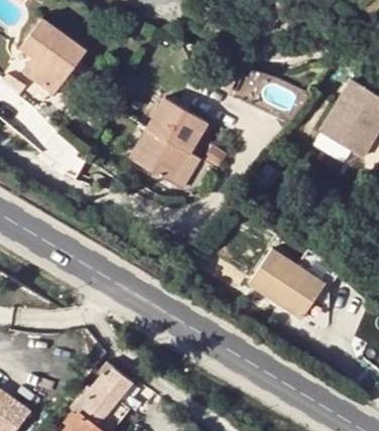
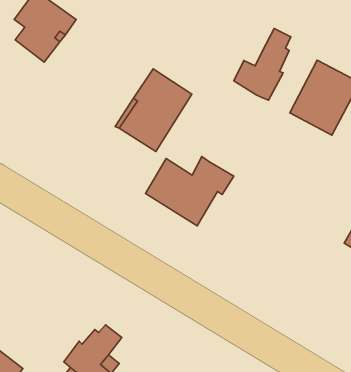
building: none -> [234,28,291,100]
building: [246,259,338,330] -> [146,157,234,226]

